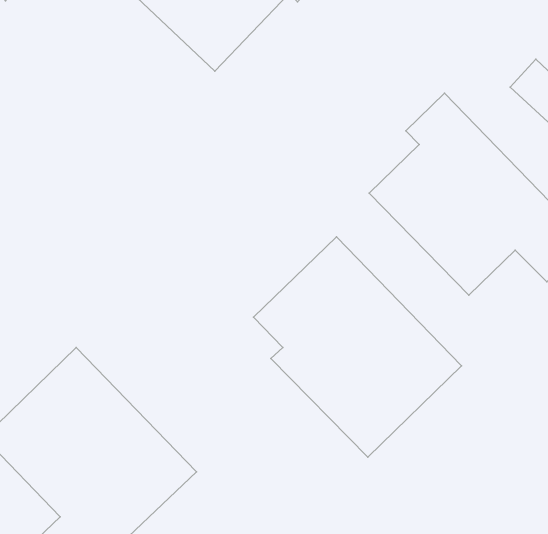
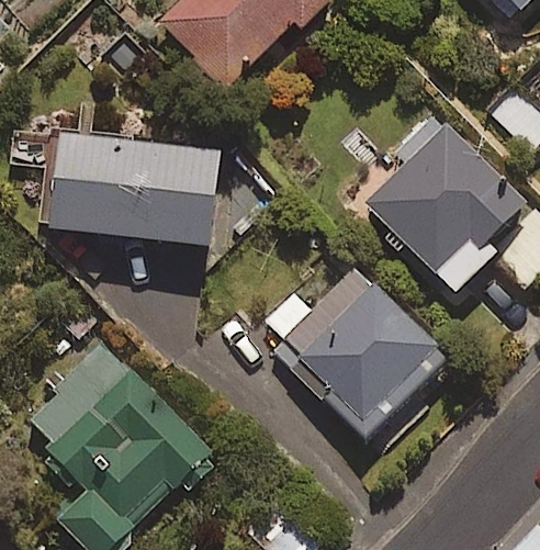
building: none -> [45,131,220,250]

